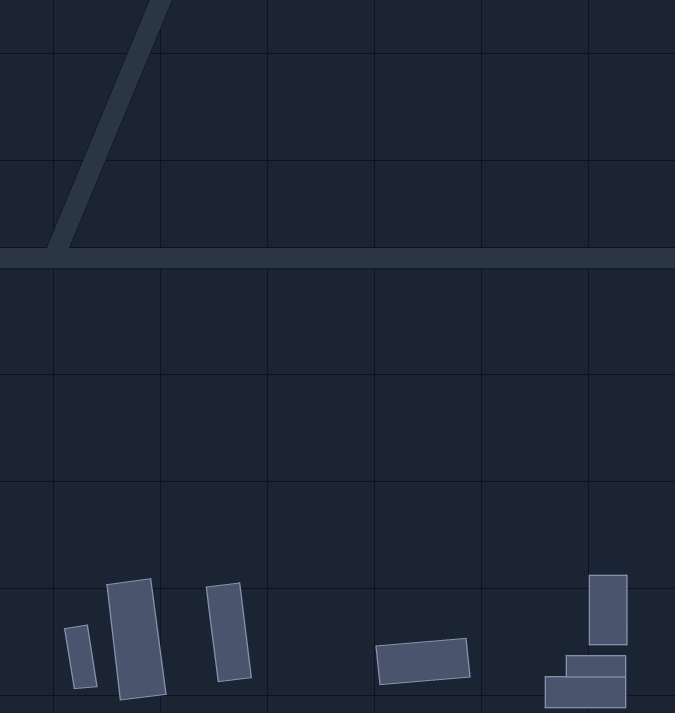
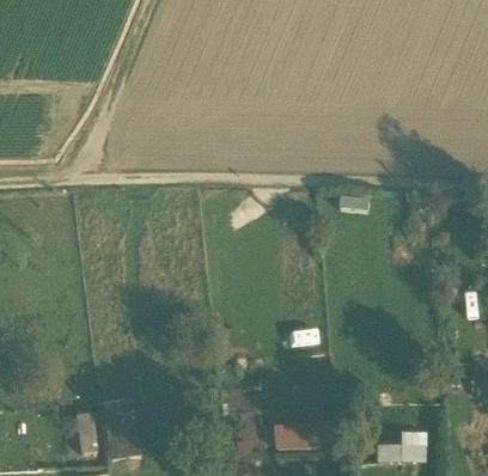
building: [589,575,627,645] -> none
building: [207,583,251,682] -> none

